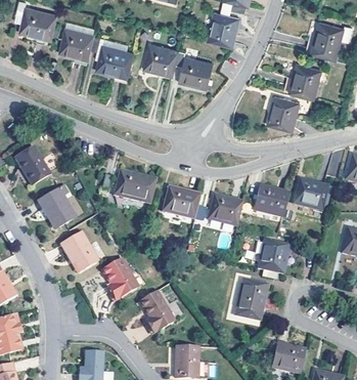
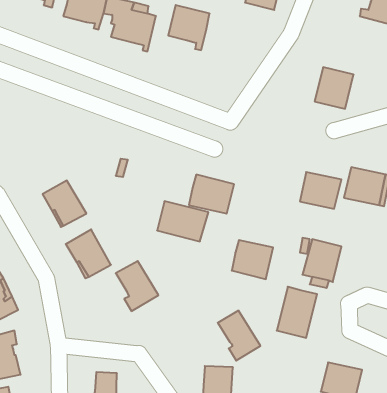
building: [176,49,214,88] -> none
building: [283,62,321,97] -> none
building: [15,145,51,185] -> none
building: [114,167,157,201] -> [157,201,208,241]
building: [208,193,242,225] -> [232,240,273,279]
building: [138,290,174,332] -> [218,311,260,361]

